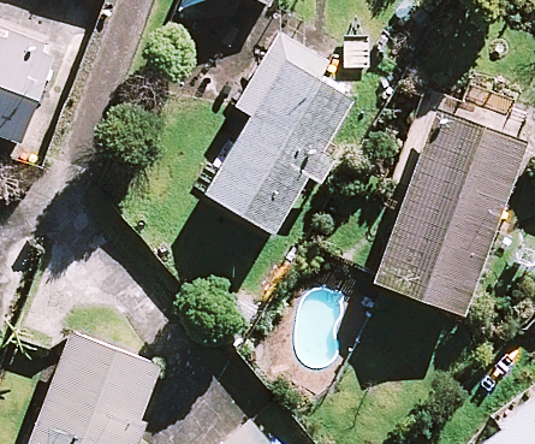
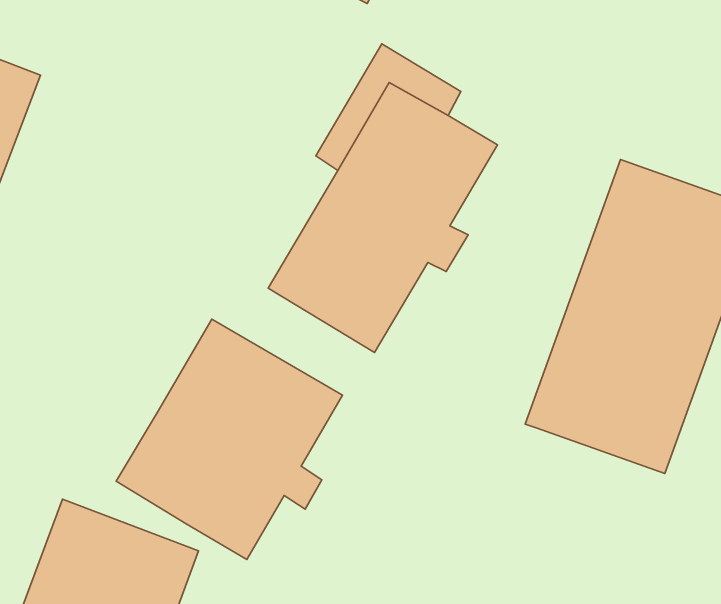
building: none -> [116,319,343,559]

